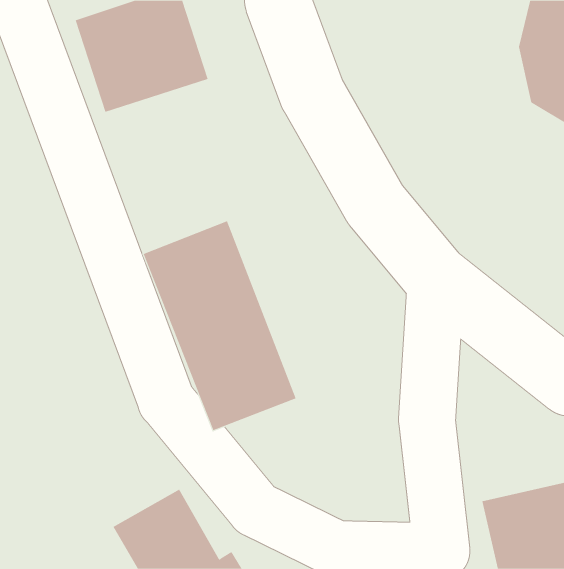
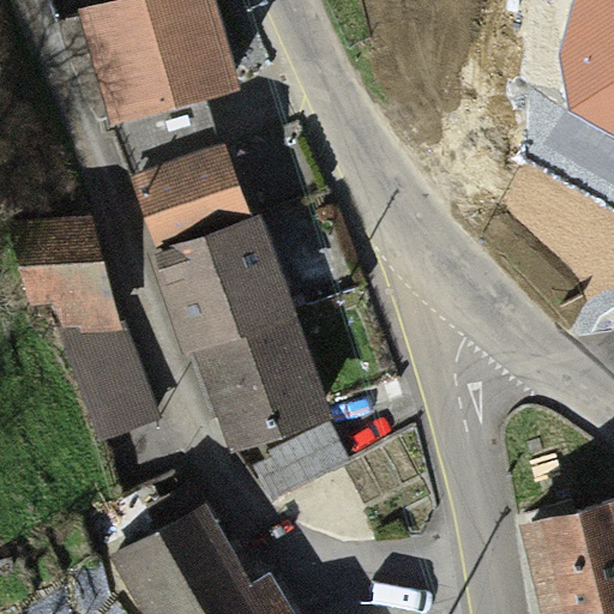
building: none -> [128,145,240,253]
building: none -> [18,228,155,435]

